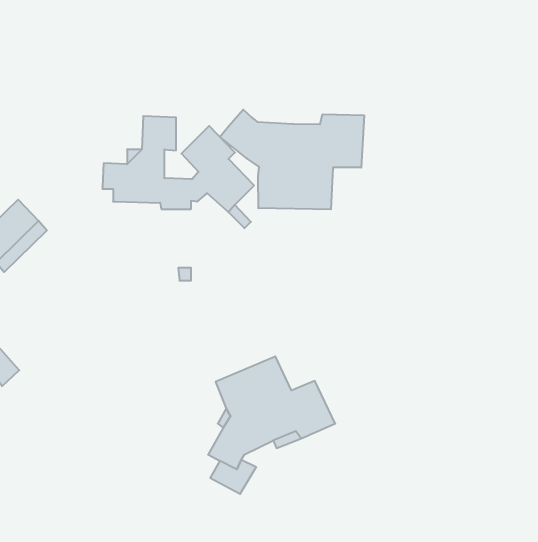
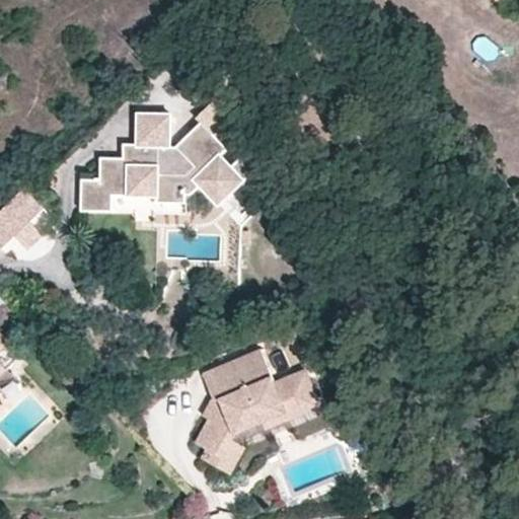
building: [220,110,364,209] -> none
building: none -> [79,180,109,211]

